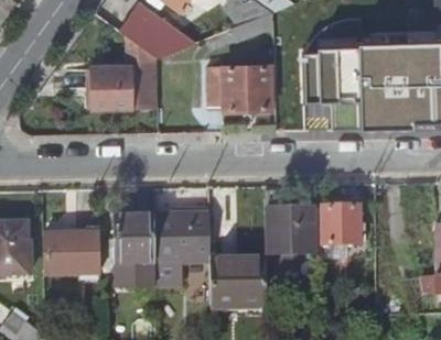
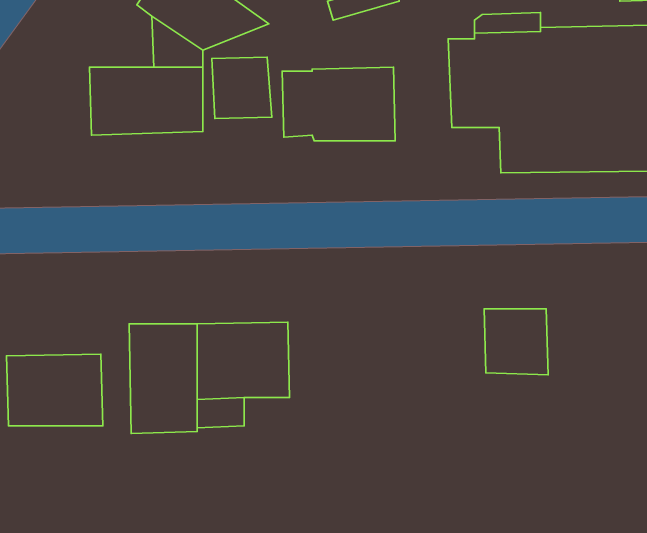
building: none -> [212,57,272,119]
building: [268,207,316,254] -> none
building: [209,256,266,306] -> none

